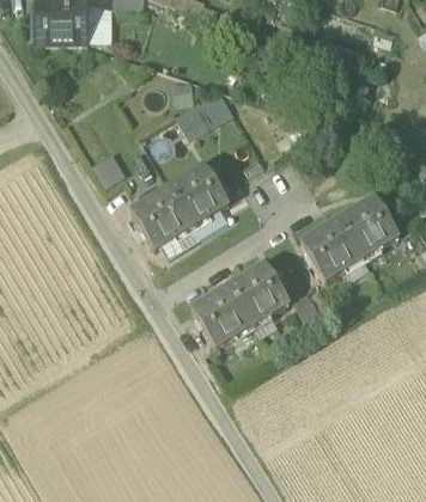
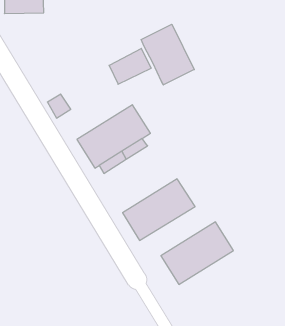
building: none -> [141,24,194,85]
building: [303,194,400,277] -> [161,222,233,284]

